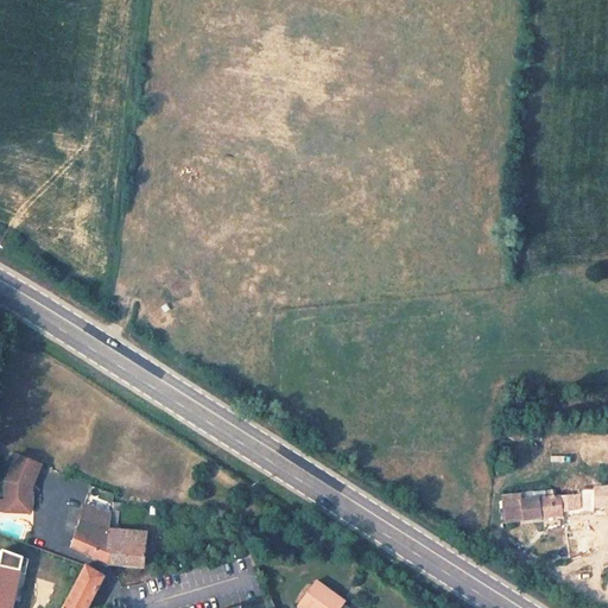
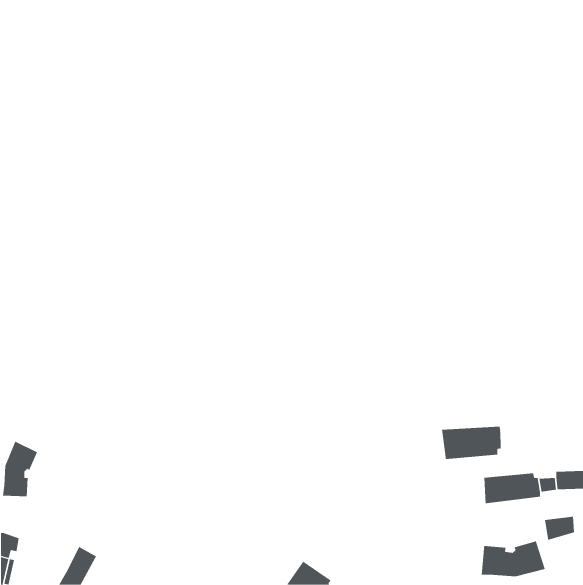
building: none -> [442,426,501,460]
building: [70,504,145,568] -> none
building: none -> [481,540,546,577]

